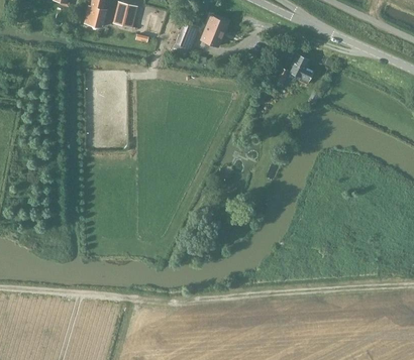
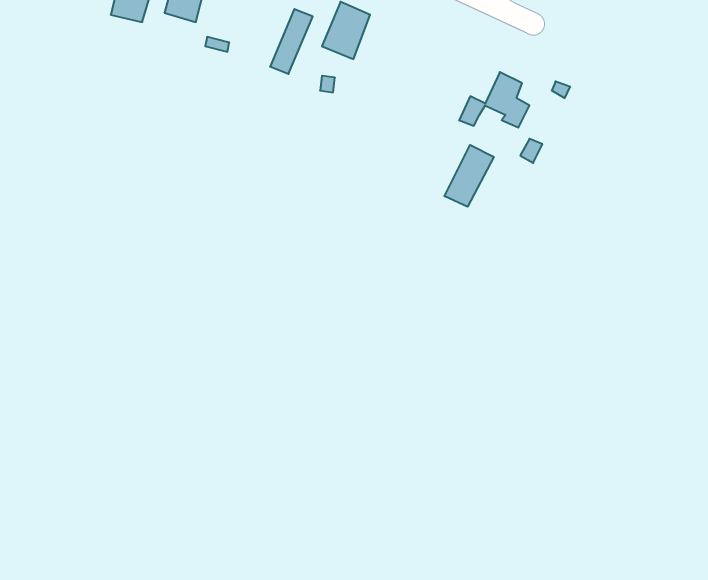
building: none -> [444,145,494,207]

